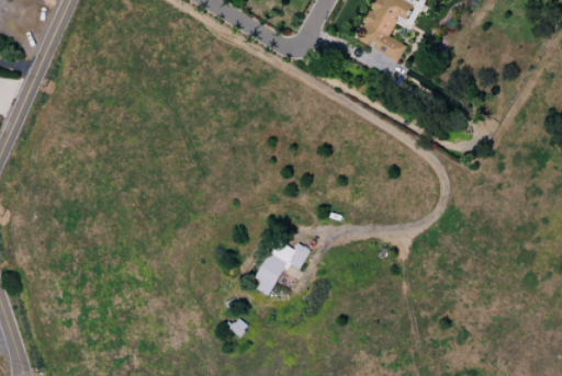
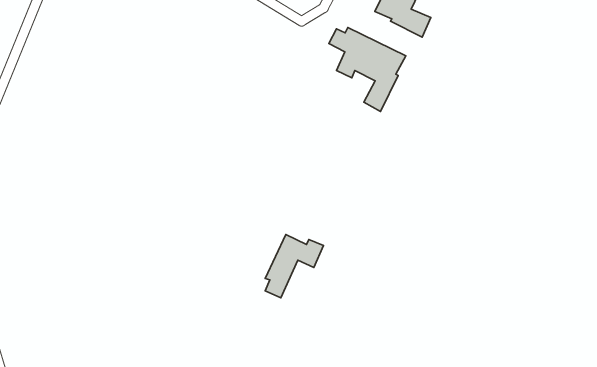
building: none -> [329,27,406,112]

